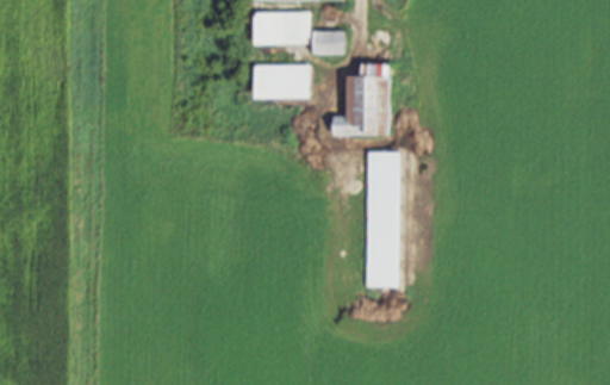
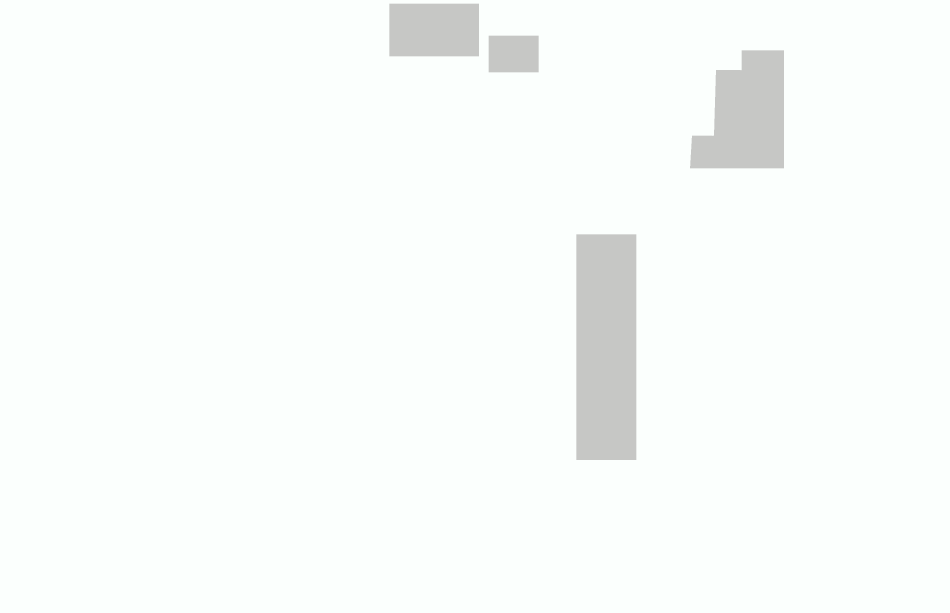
building: [253,64,306,99] -> none
building: [330,64,387,136] -> [689,50,785,169]

